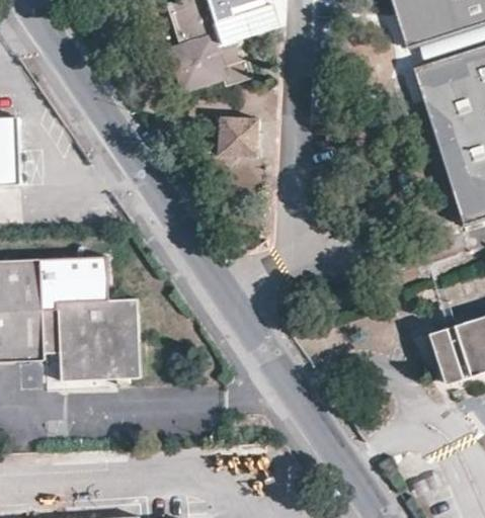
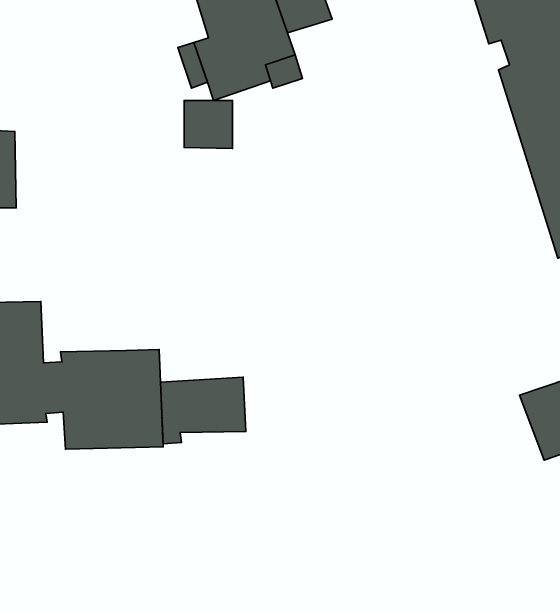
building: [220,120,259,160] -> [184,101,232,149]
building: [39,254,109,309] -> [161,377,246,444]

